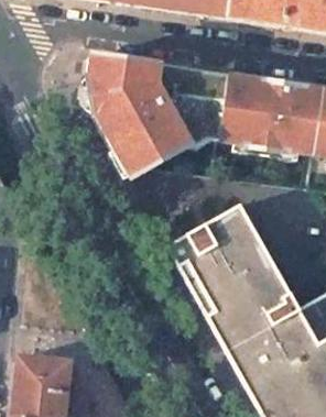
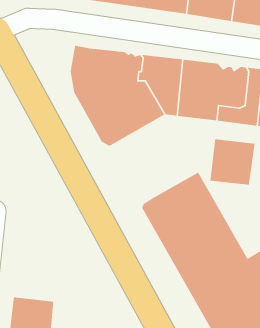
building: none -> [209,139,255,186]

